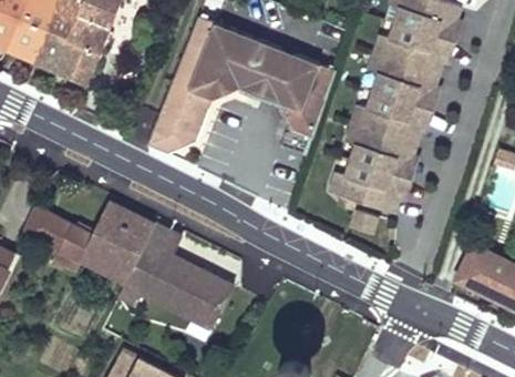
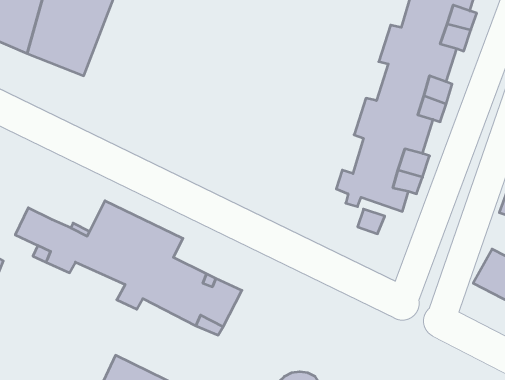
building: [151,18,332,153] -> none

